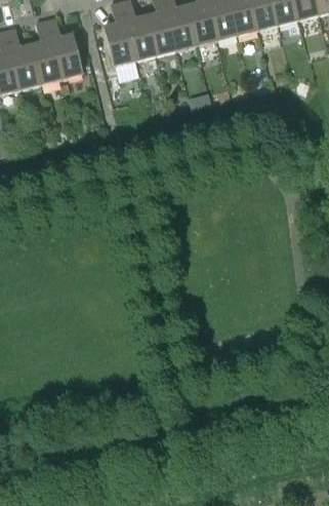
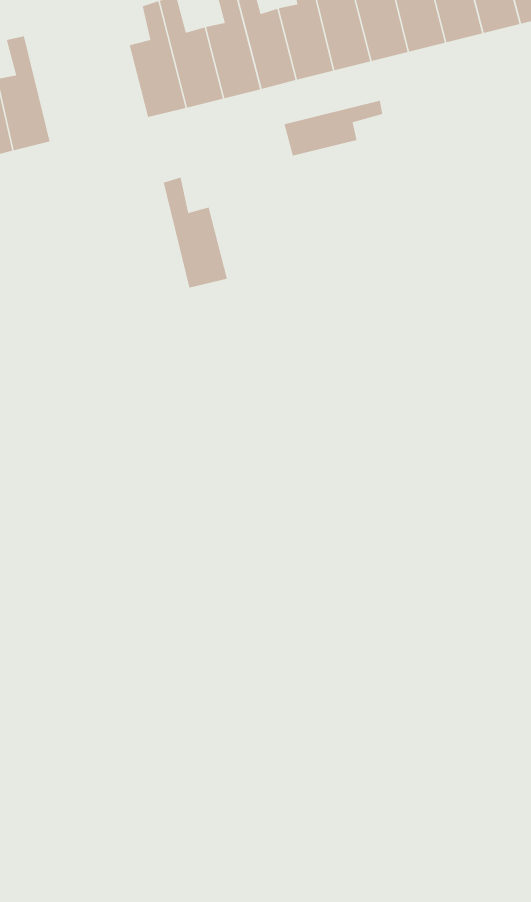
building: [46,17,82,79] -> [163,177,228,288]
building: none -> [283,100,383,157]

